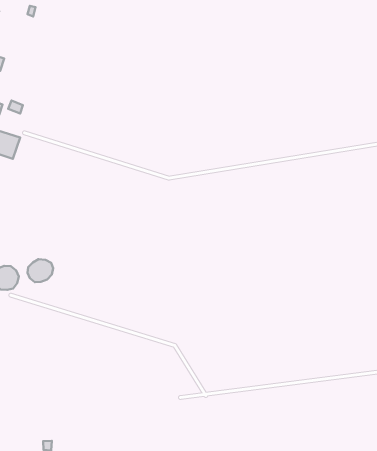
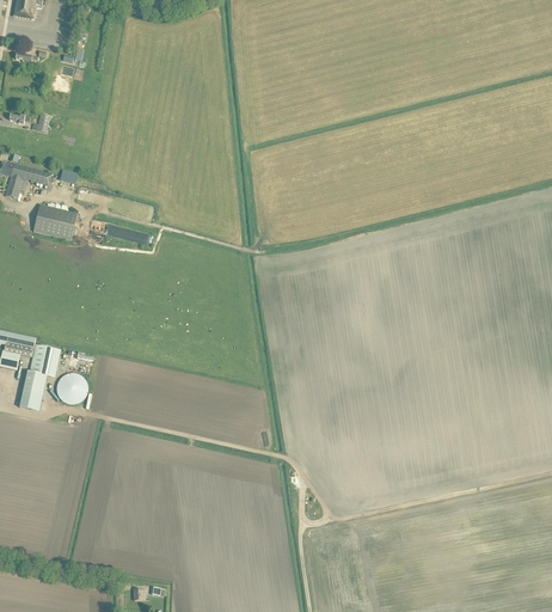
building: [28,259,53,282] -> none

